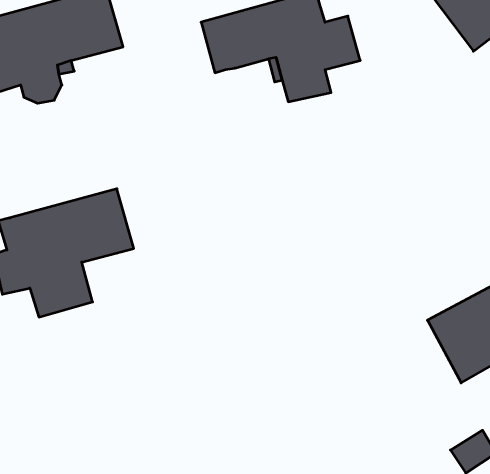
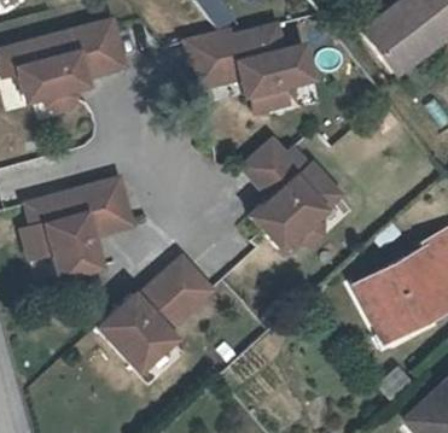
building: none -> [242,136,341,247]
building: none -> [97,256,211,370]

